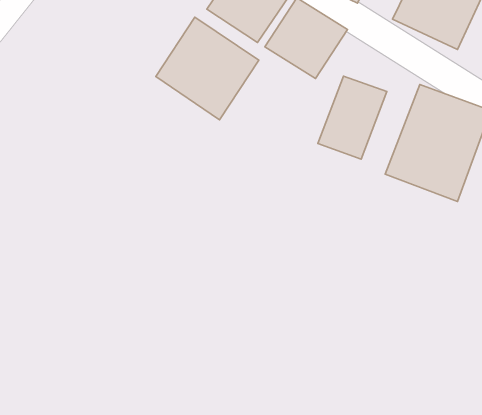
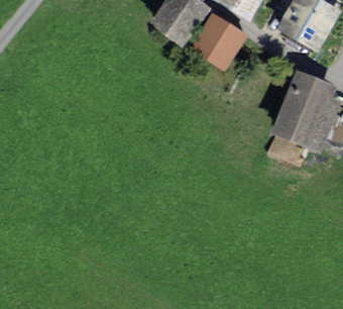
building: [156,17,259,120] -> none
building: [318,76,387,159] -> none

